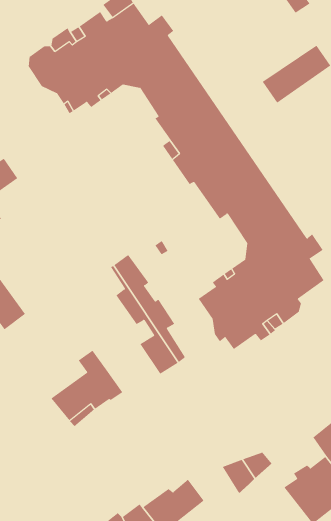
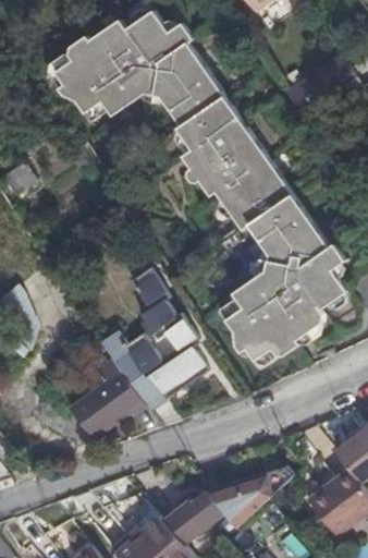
building: none -> [101,331,181,398]
building: none -> [209,478,260,527]

